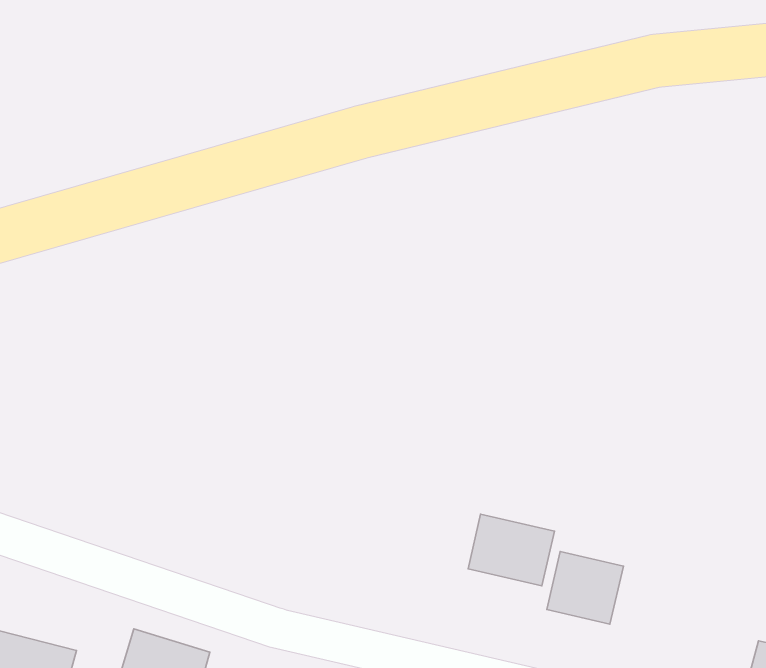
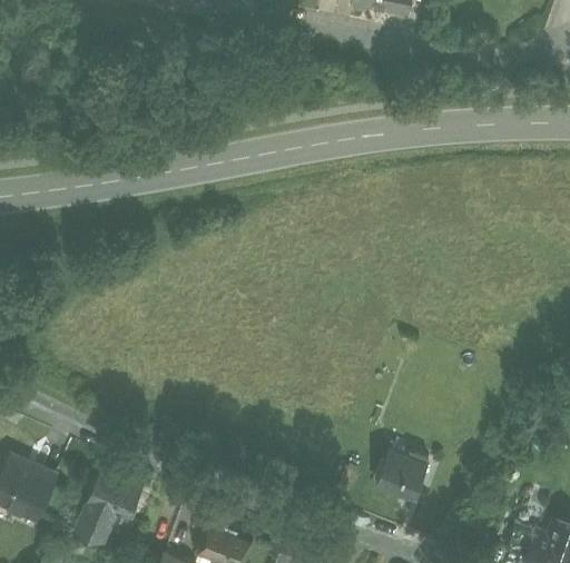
building: [468,514,554,586] -> none

